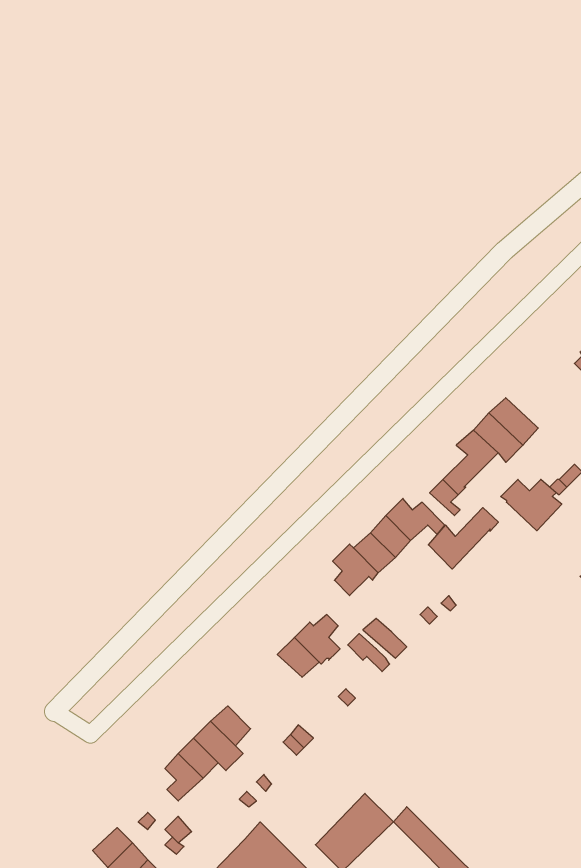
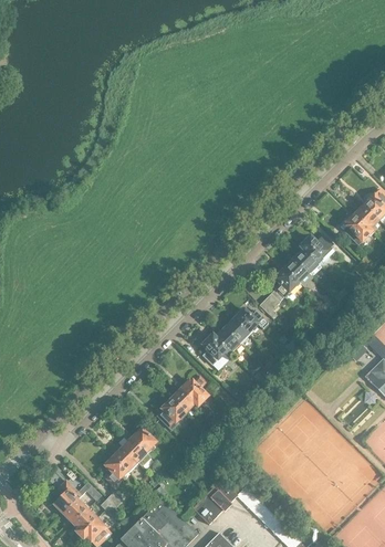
building: [501,479,562,531] -> [300,236,335,266]
building: [428,508,498,569] -> none
building: none -> [157,399,185,430]
building: none -> [53,481,91,513]

